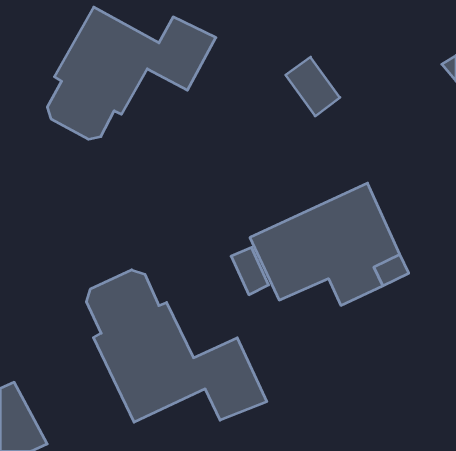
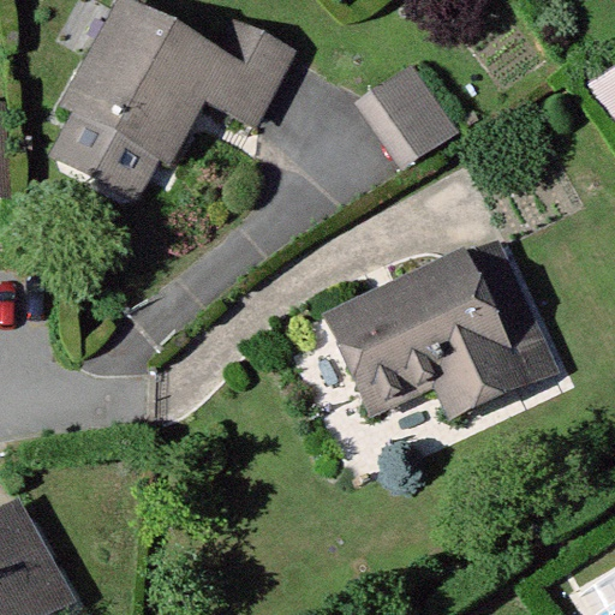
building: [86,270,267,422] -> none

